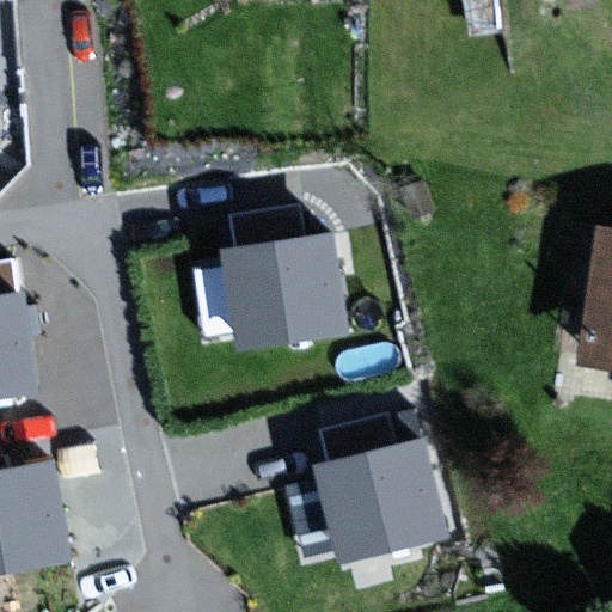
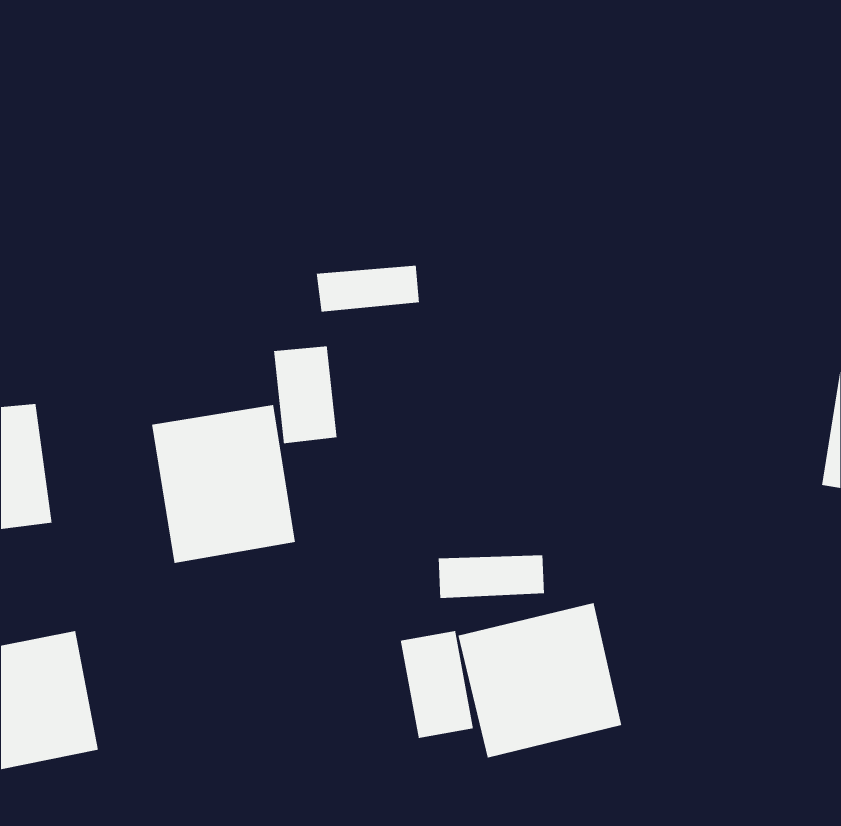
building: [240,244,351,347] -> none
building: none -> [151,404,296,564]

